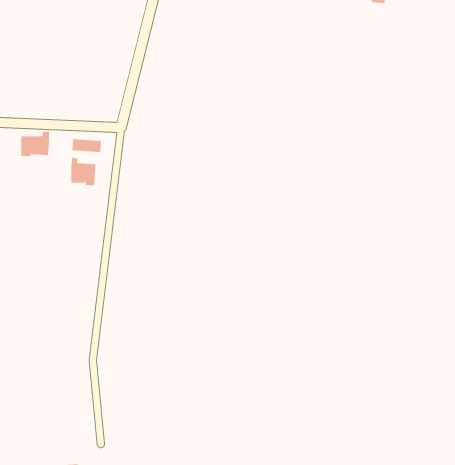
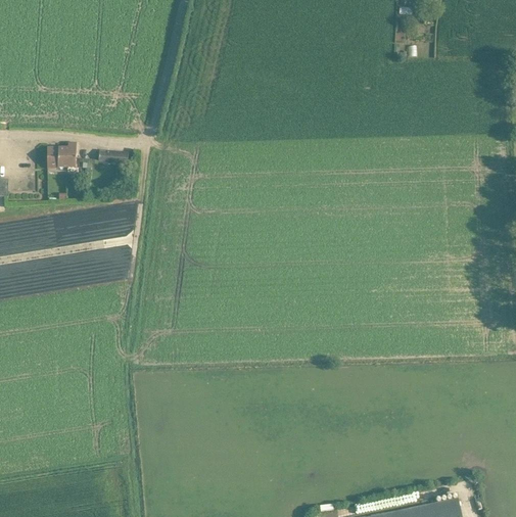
building: [70,157,96,186] -> none

